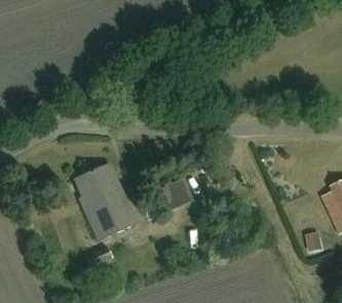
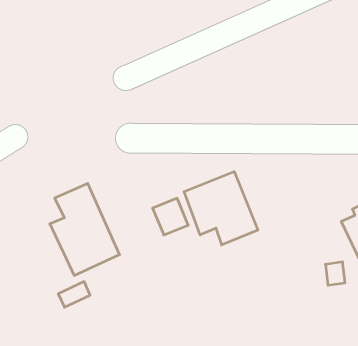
building: none -> [184,172,258,245]

